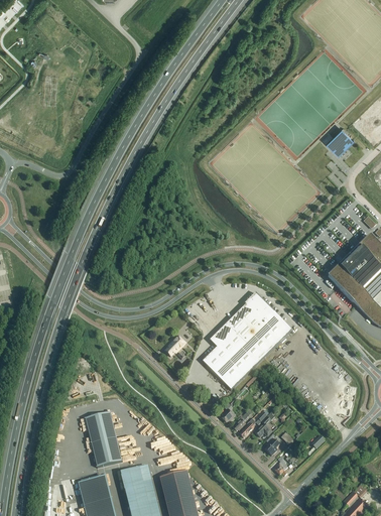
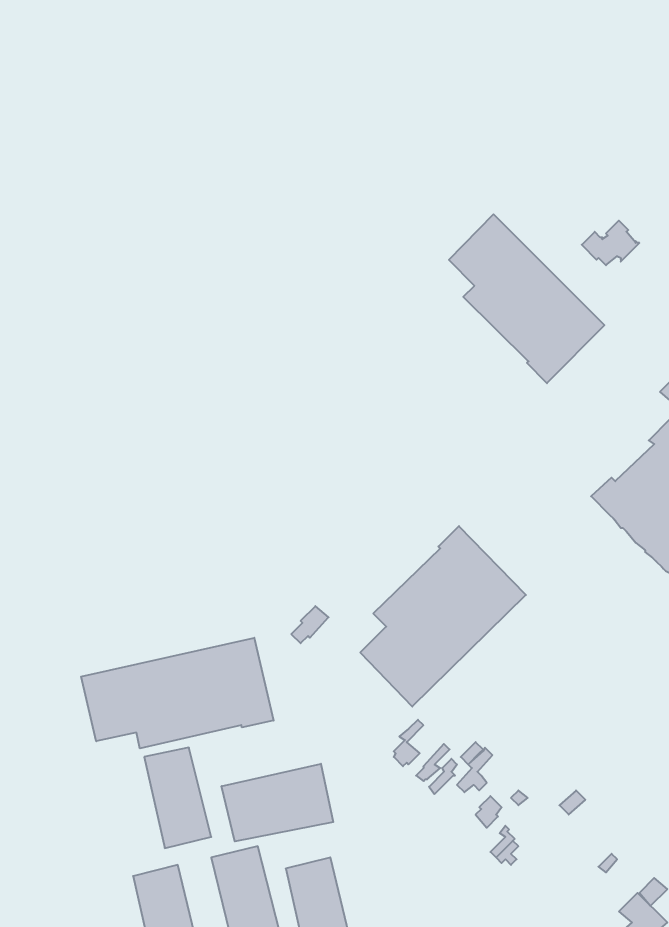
building: none -> [449,214,604,383]
building: none -> [81,638,274,748]
building: none -> [222,764,333,841]

